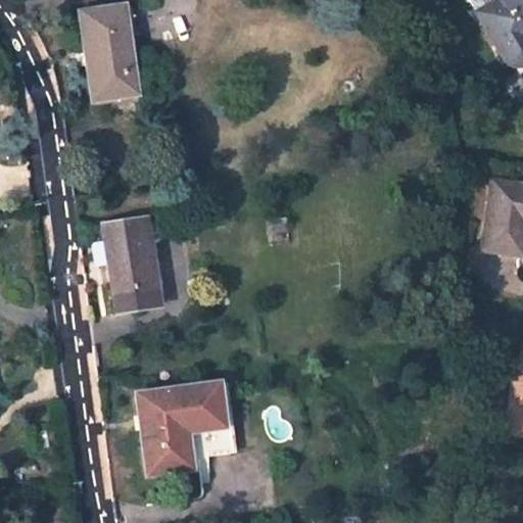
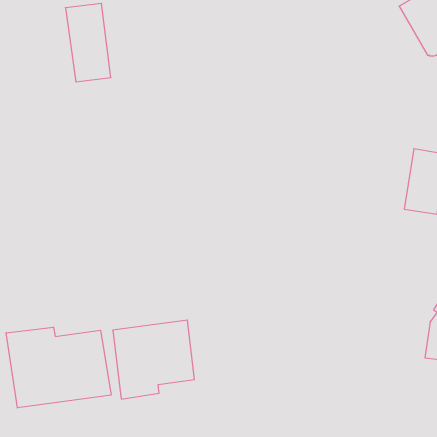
building: [103,217,156,310] -> none
building: none -> [6,327,111,408]

